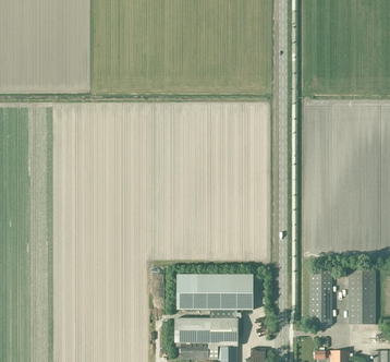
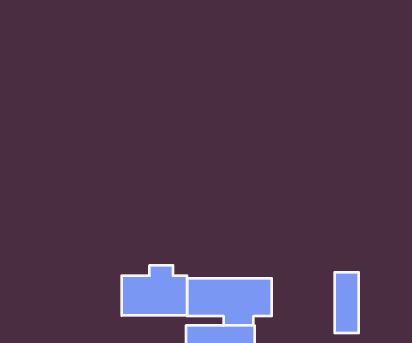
building: none -> [122,265,187,316]
building: [348,270,375,325] -> none

